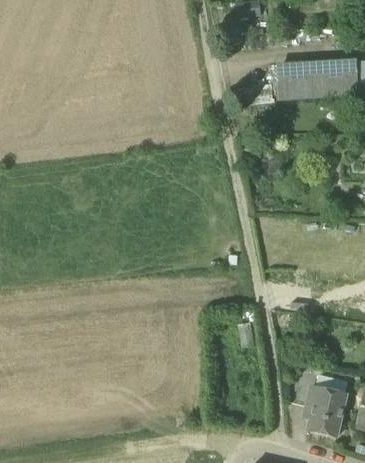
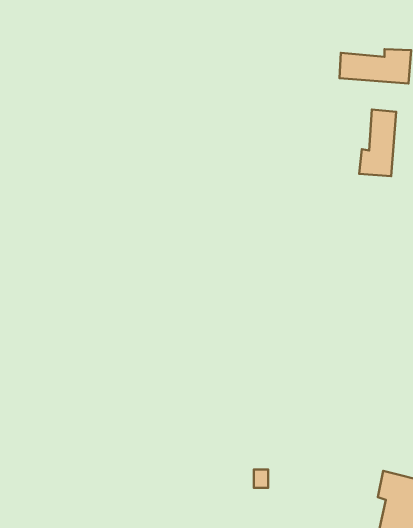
building: none -> [359,110,396,176]

